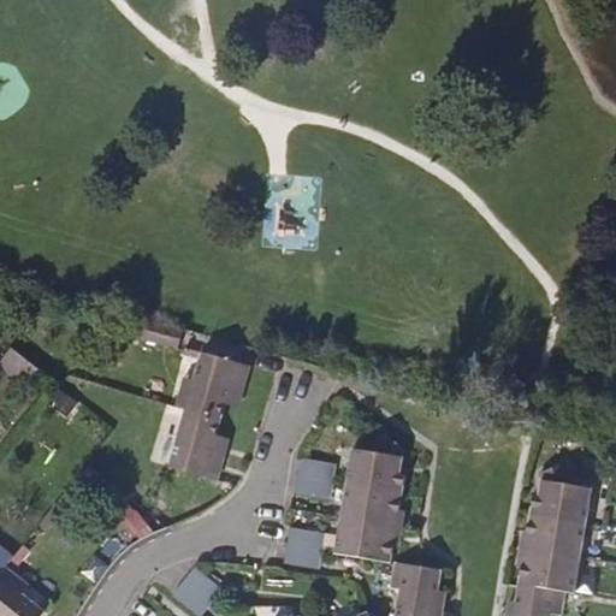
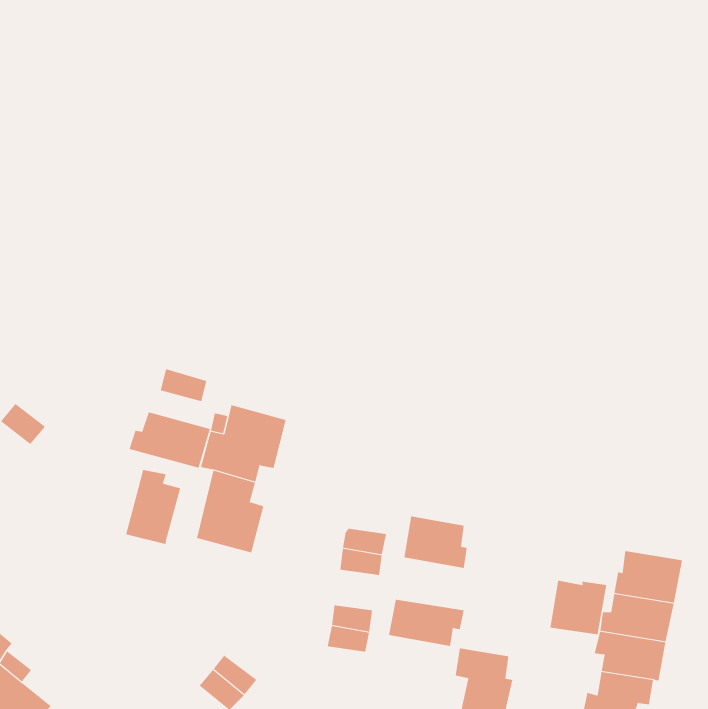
building: none -> [129,411,211,469]
building: none -> [125,469,181,545]
building: [342,484,405,529] -> none
building: none -> [550,580,607,635]

